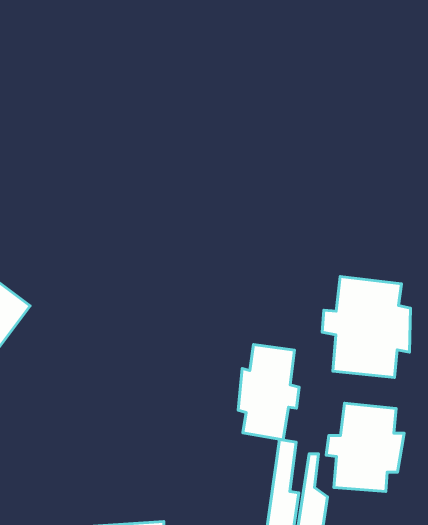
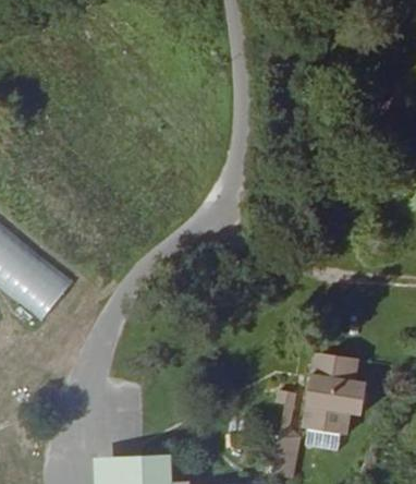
building: [322,276,411,377] -> none
building: [238,345,299,440] -> none

